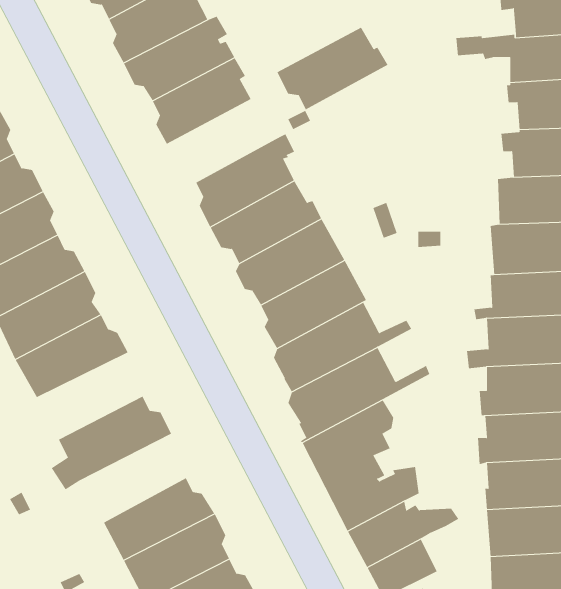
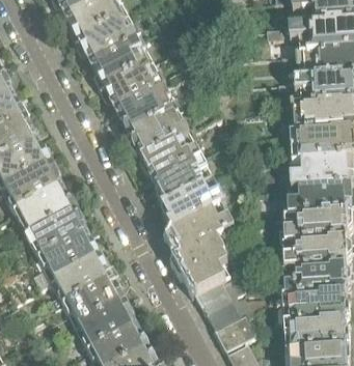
building: [277,27,389,110] -> [99,60,163,108]
building: none -> [24,205,85,255]
building: none -> [49,252,110,306]

